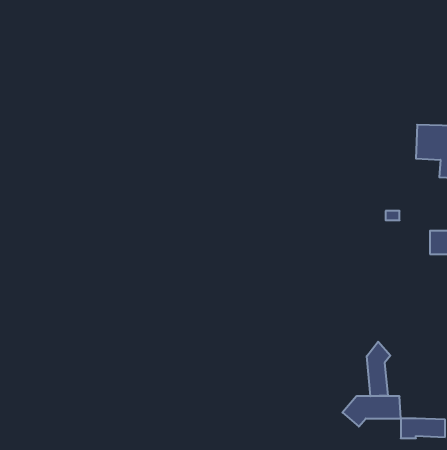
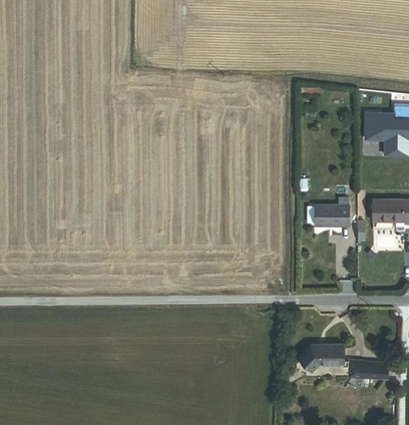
building: none -> [308,196,349,226]
building: [367,342,390,396] -> none

